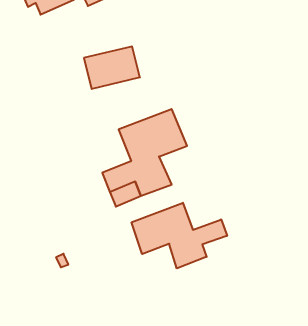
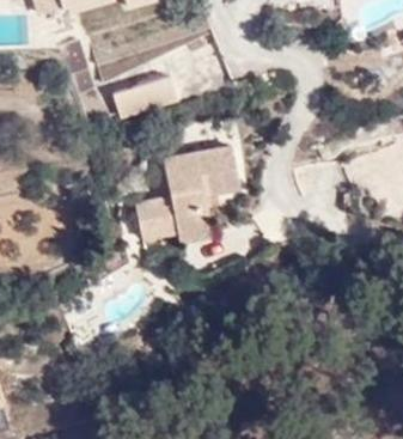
building: [132,203,227,268] -> none

